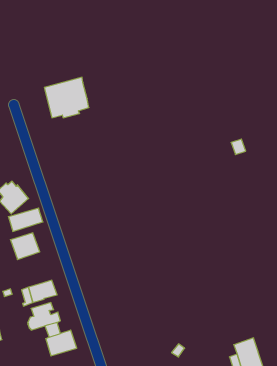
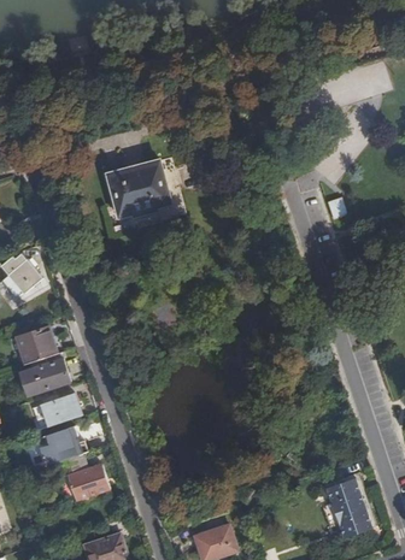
building: [44,77,89,118] -> [107,161,170,218]
building: [8,208,43,231] -> [23,362,71,395]

